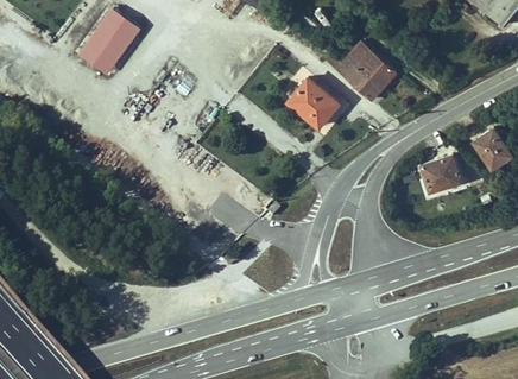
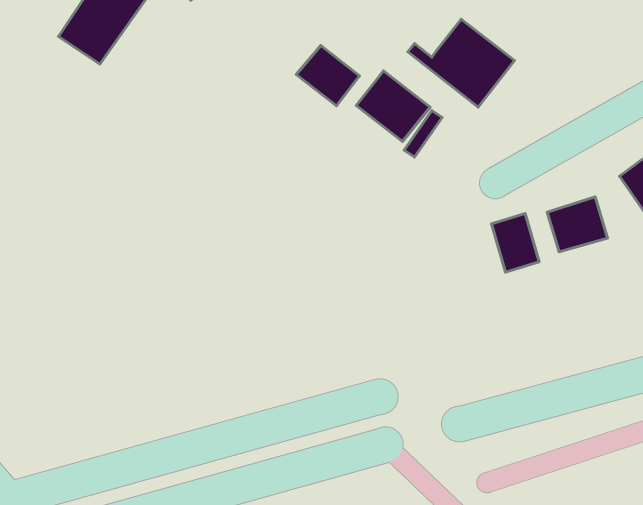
building: none -> [296,45,360,106]
building: none -> [491,213,539,272]

